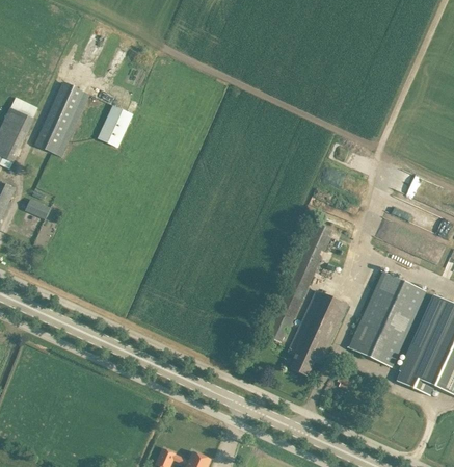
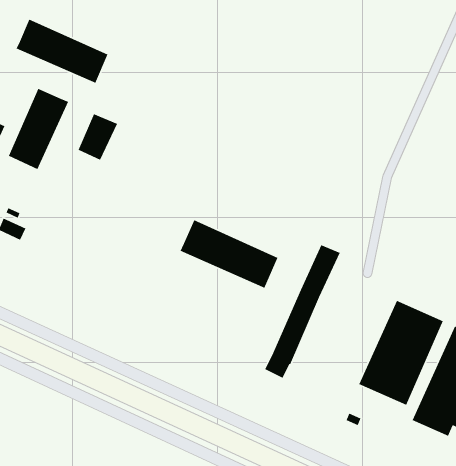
building: none -> [15,19,108,84]
building: none -> [179,219,278,289]
building: [289,290,348,375] -> none

